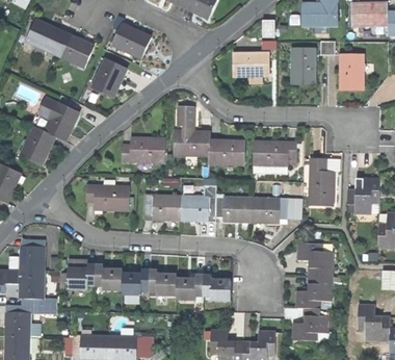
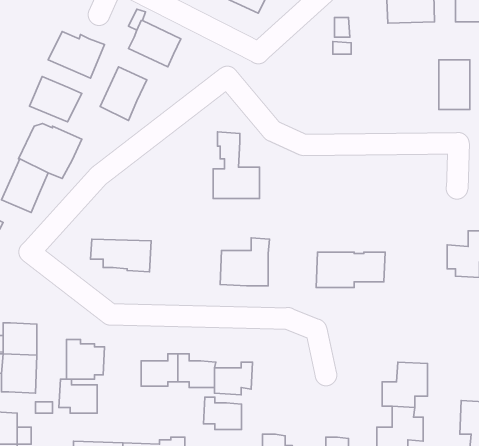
building: [25,20,63,53] -> [30,77,82,122]
building: [293,48,316,83] -> none
building: [234,53,269,76] -> none
building: [123,138,166,161] -> none
building: [209,140,244,163] -> none
building: [253,142,296,164] -> none
building: [310,160,333,204] -> none
building: [144,192,181,218] -> none
building: [215,194,252,221] -> none
building: [299,242,334,277] -> none
building: [94,264,122,289] -> [59,379,97,413]
building: [203,276,231,300] -> [203,397,242,430]

